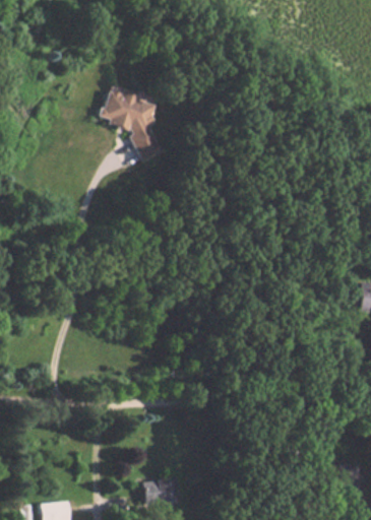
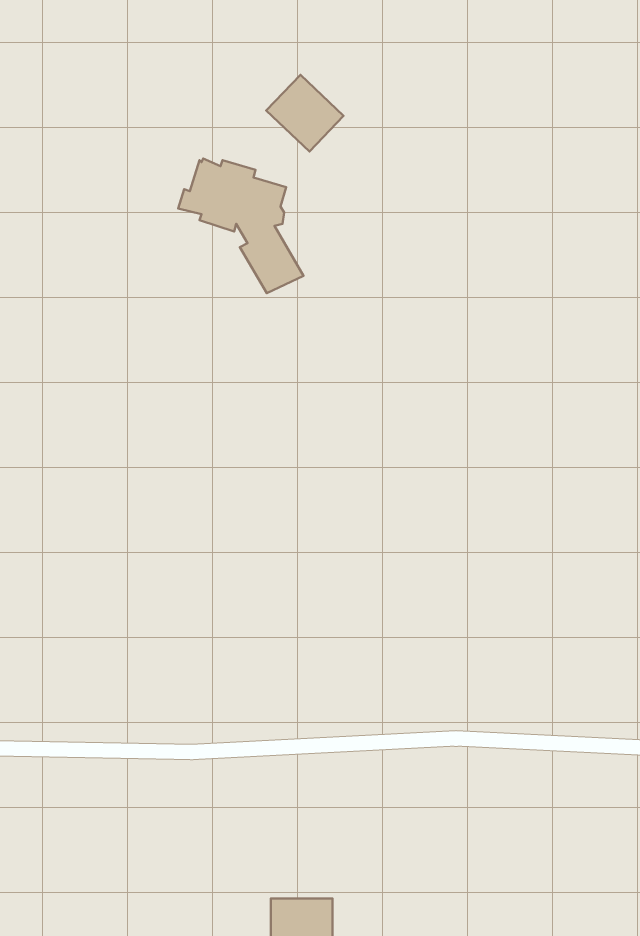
building: none -> [266,75,344,152]

